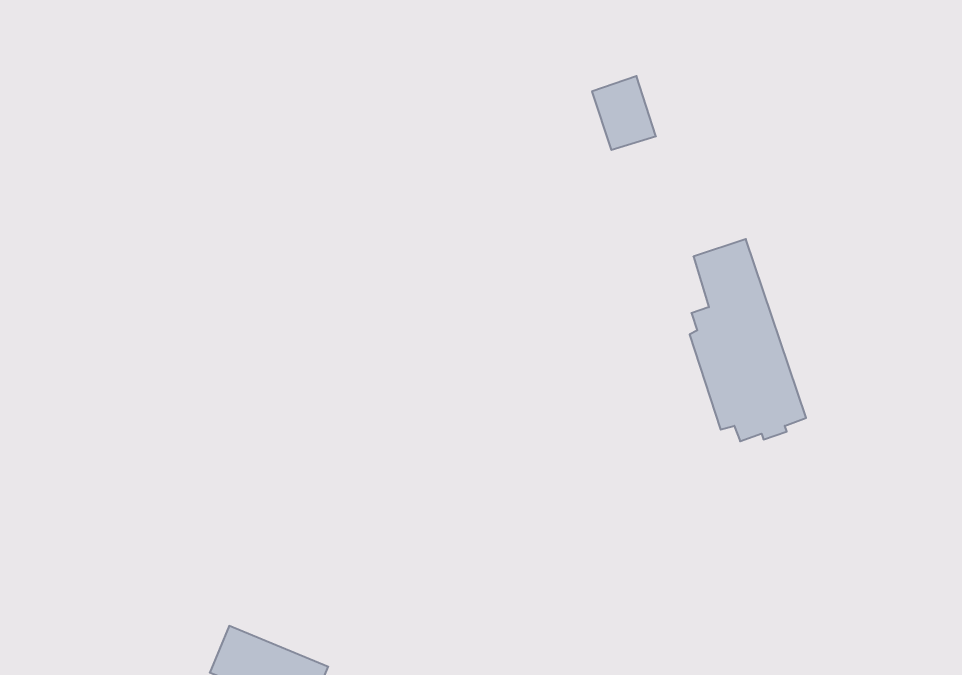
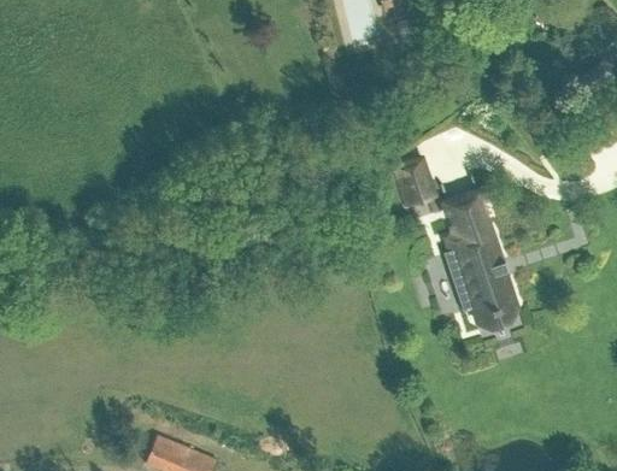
building: [592,76,656,150] -> [394,160,434,206]

